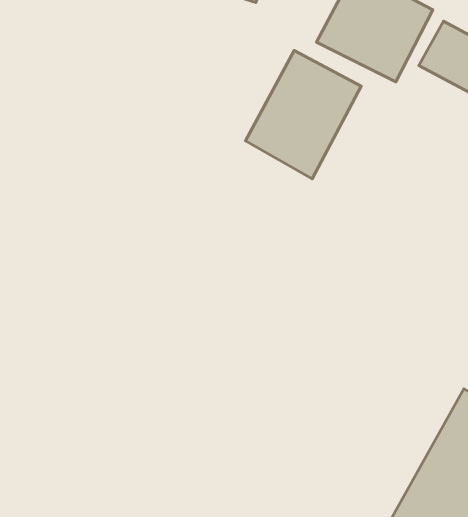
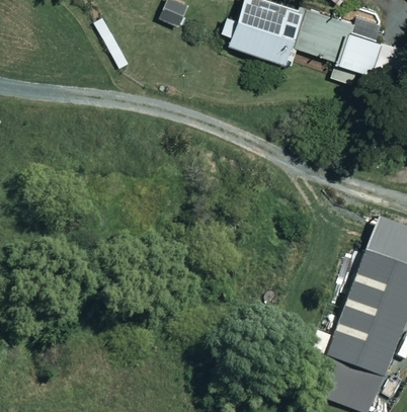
building: [245,51,361,179] -> none

